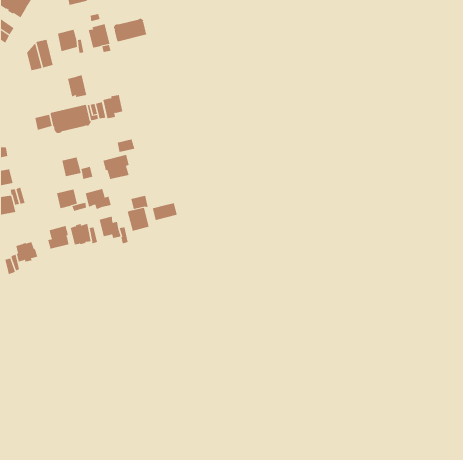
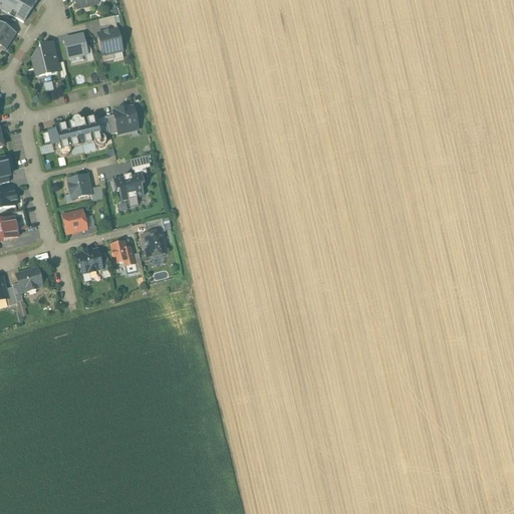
building: [114,18,147,43] -> none
building: [68,74,87,98] -> none
building: [85,188,112,210] -> none
building: [152,202,178,221] -> none
building: [48,225,69,249] -> none

